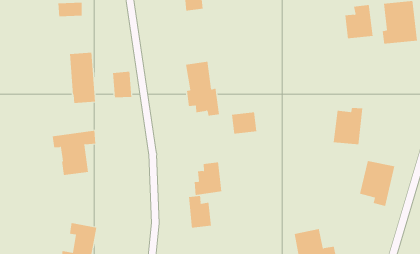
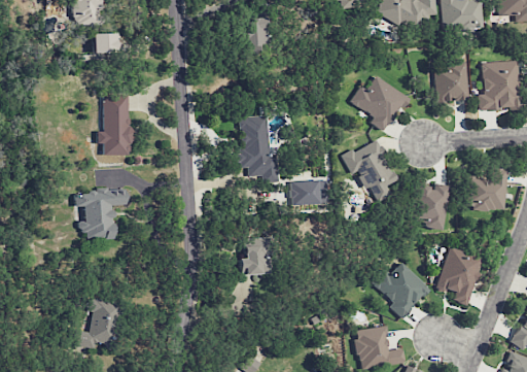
building: none -> [350,76,407,132]
building: [113,71,132,98] -> none
building: none -> [342,140,395,202]
building: none -> [464,168,506,211]
building: none -> [373,263,429,318]
building: [188,195,211,229] -> none

